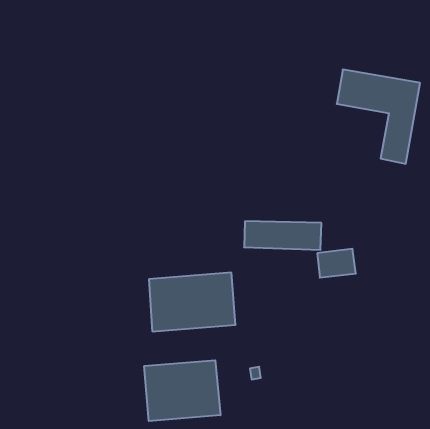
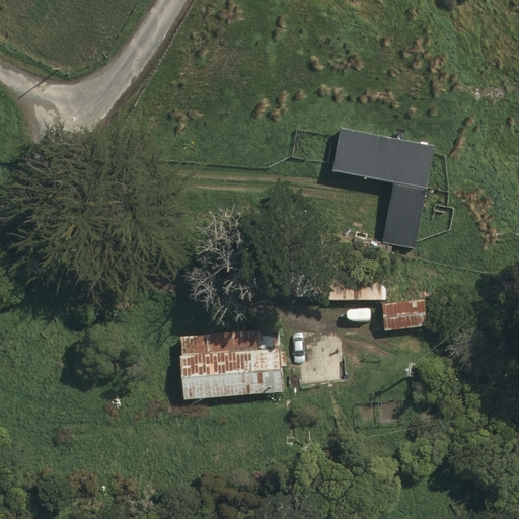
building: [337,69,420,164] -> [331,129,432,242]
building: [144,360,220,421] -> none

